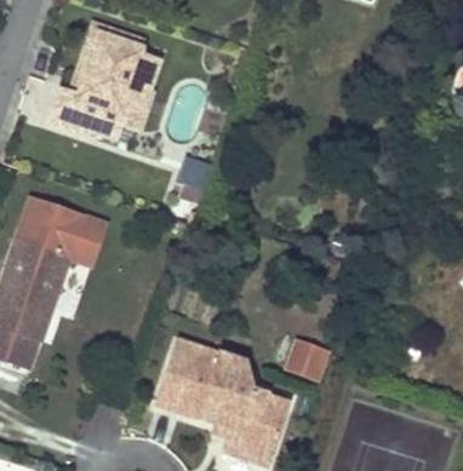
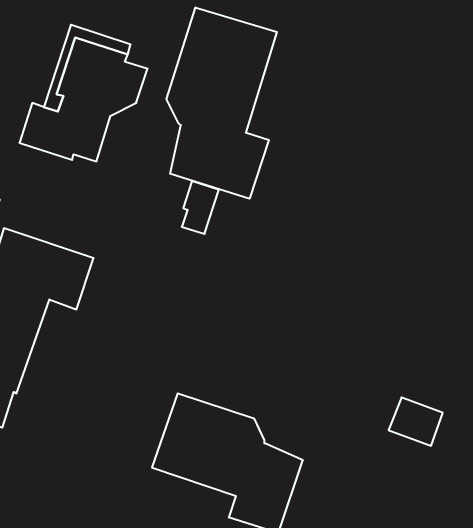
building: none -> [167,7,277,199]
building: [288,341,335,383] -> [389,397,443,446]

